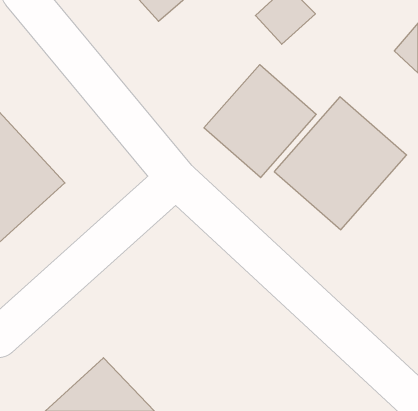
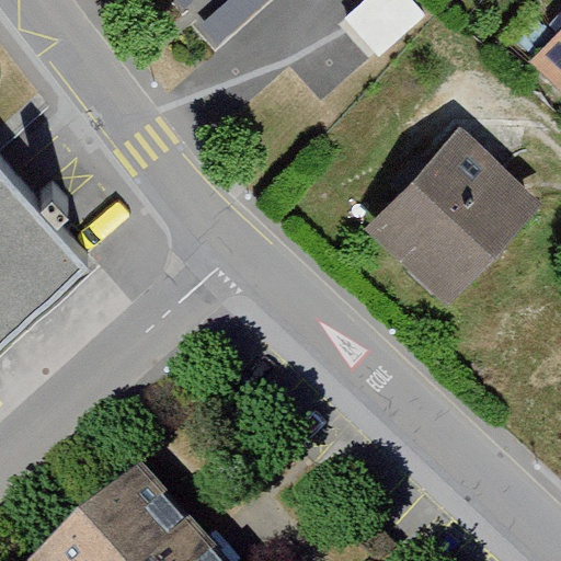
building: [204,65,316,178] -> none

